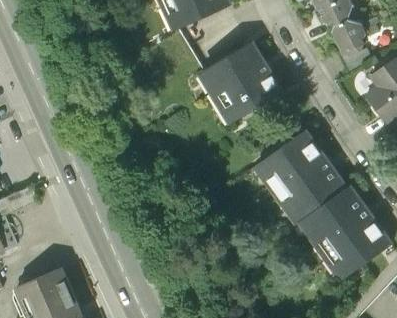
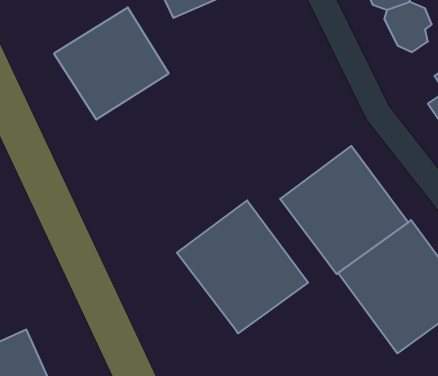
building: [197,41,284,126] -> [54,7,169,120]
building: none -> [177,200,308,333]

